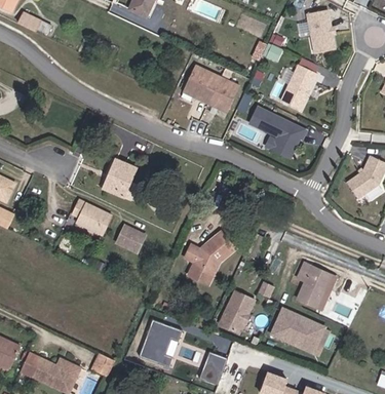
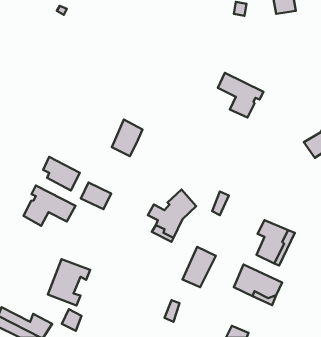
building: [278,62,315,108] -> none
building: [182,67,238,115] -> none
building: [102,160,133,198] -> [112,119,143,156]
building: none -> [24,185,75,226]
building: [134,316,179,364] -> [48,259,90,306]
building: [195,352,224,383] -> none

